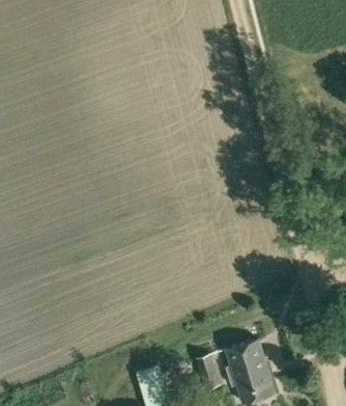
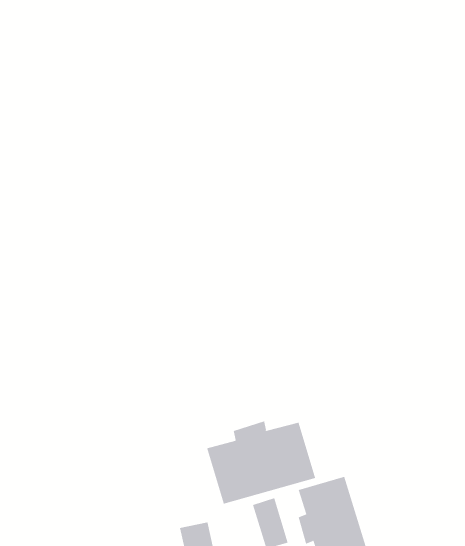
building: none -> [207,421,316,504]

